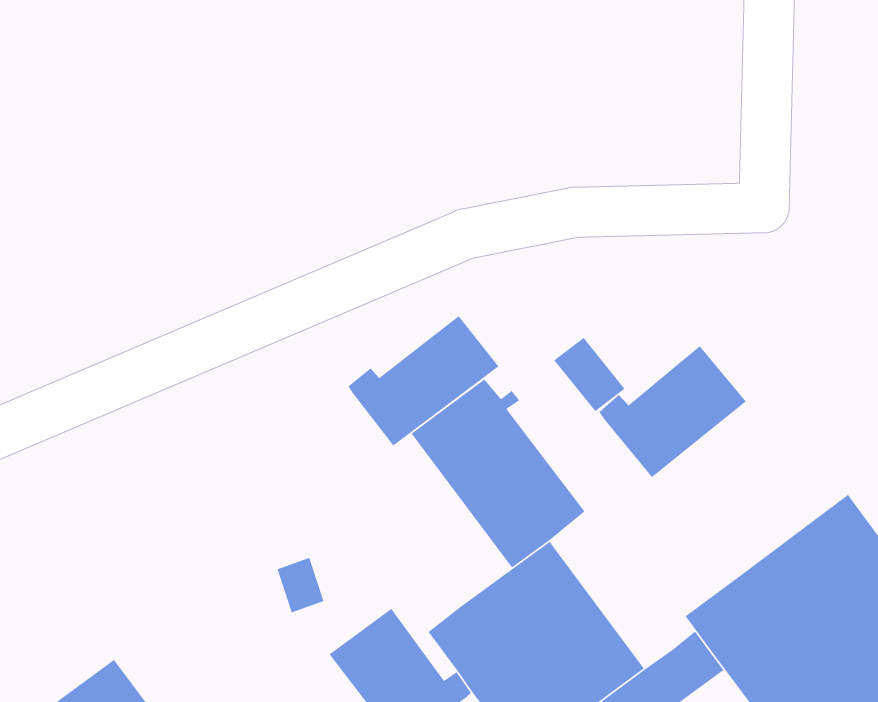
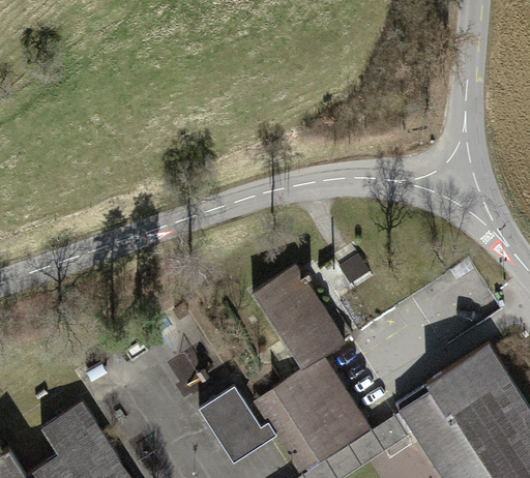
building: [347,315,500,447] -> none
building: [598,345,747,478] -> none

